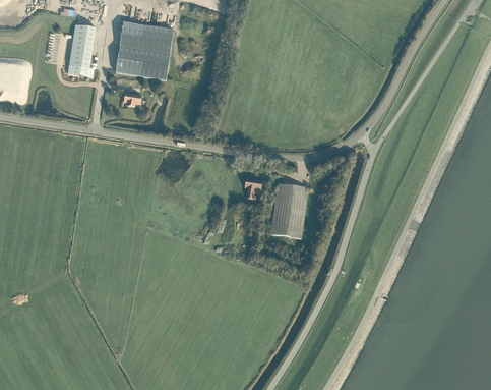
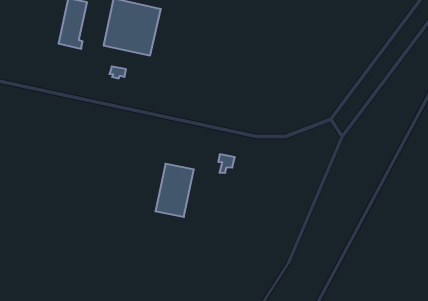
building: [269,183,307,238] -> [155,164,194,217]

